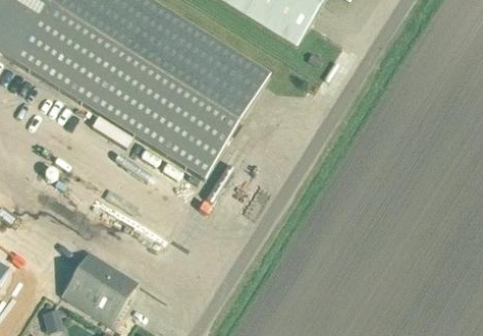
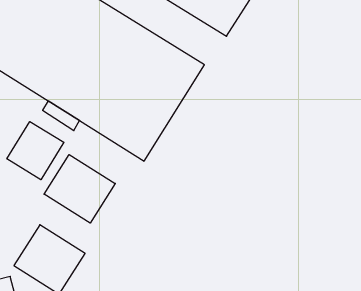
building: none -> [7,122,64,180]
building: none -> [44,155,115,223]

